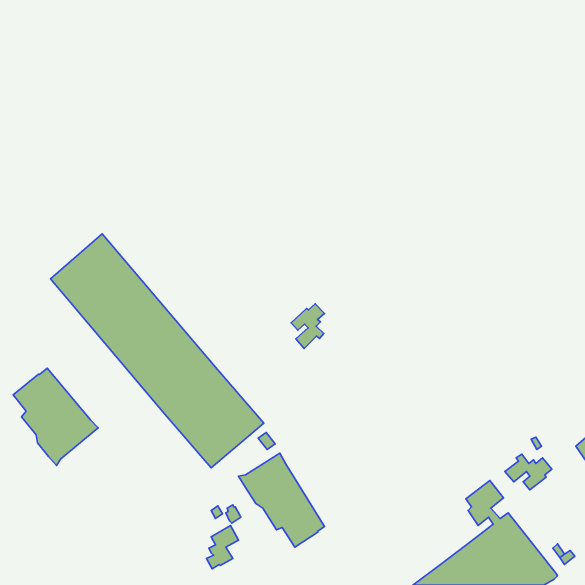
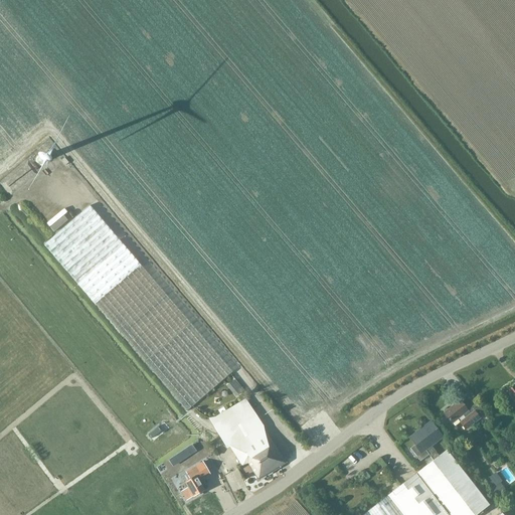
building: [291,304,324,348] -> none
building: [13,368,98,466] -> none

